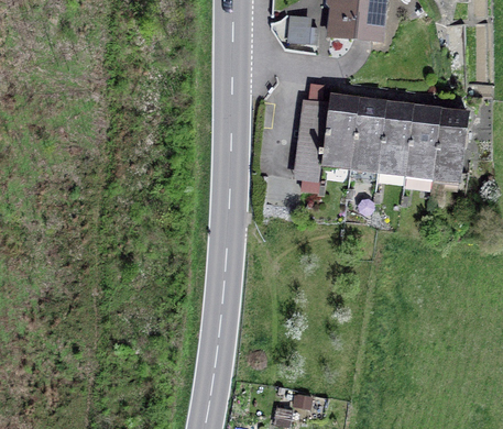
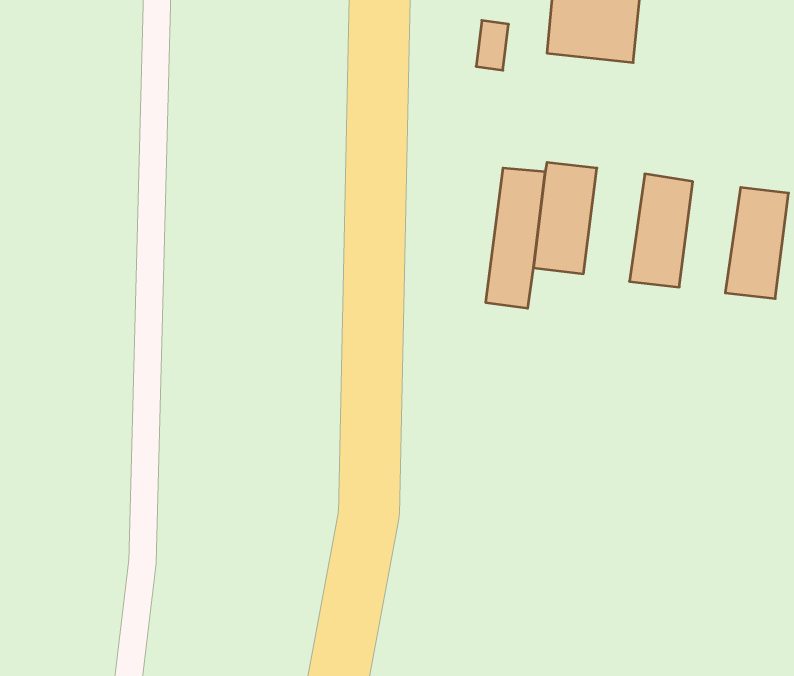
building: [350,100,385,165] -> none
building: [403,108,440,188] -> none

